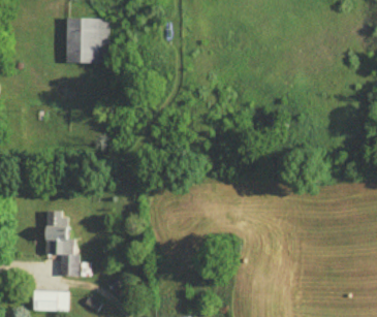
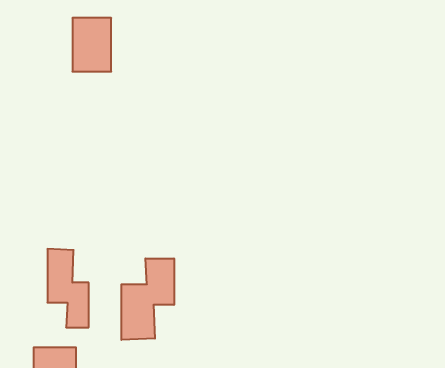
building: none -> [121,258,174,340]

